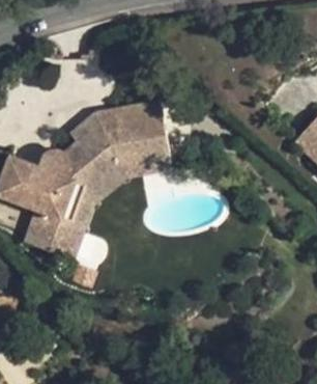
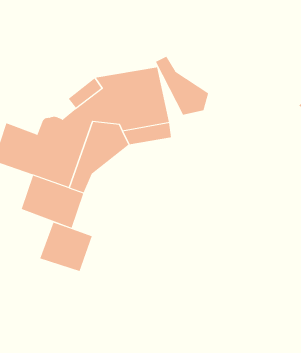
building: none -> [155,56,209,116]
building: none -> [40,222,93,272]

